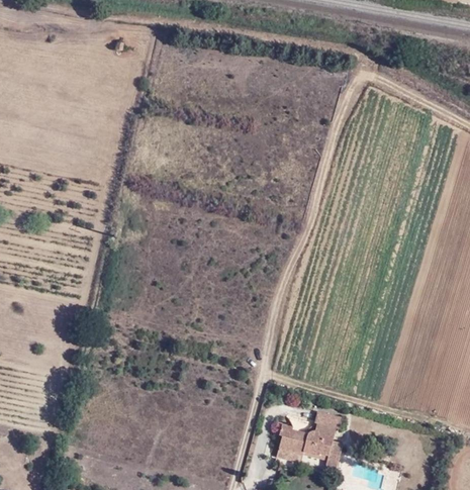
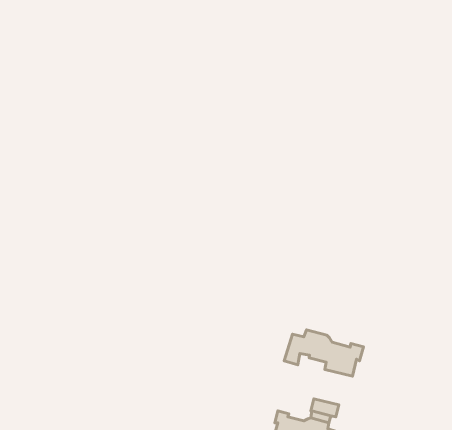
building: none -> [284,330,363,376]

